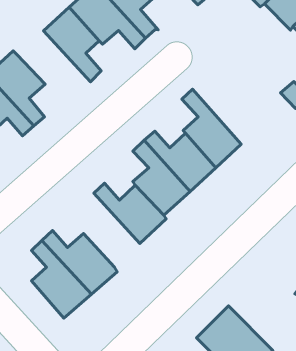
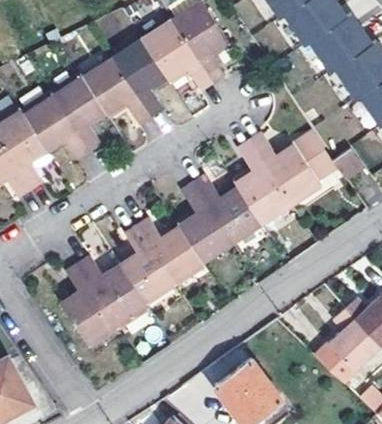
building: none -> [84,59,152,124]
building: none -> [251,134,327,203]
building: none -> [120,227,174,303]

